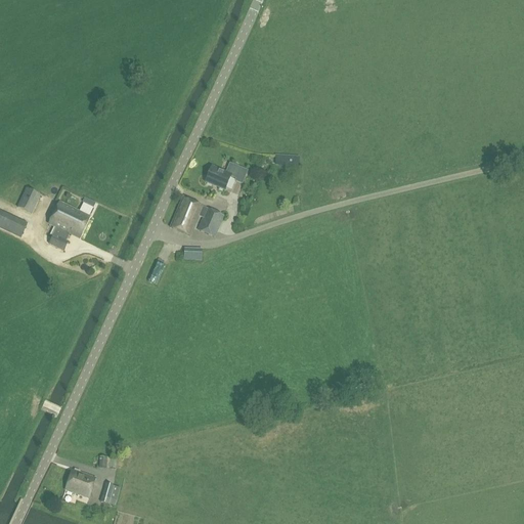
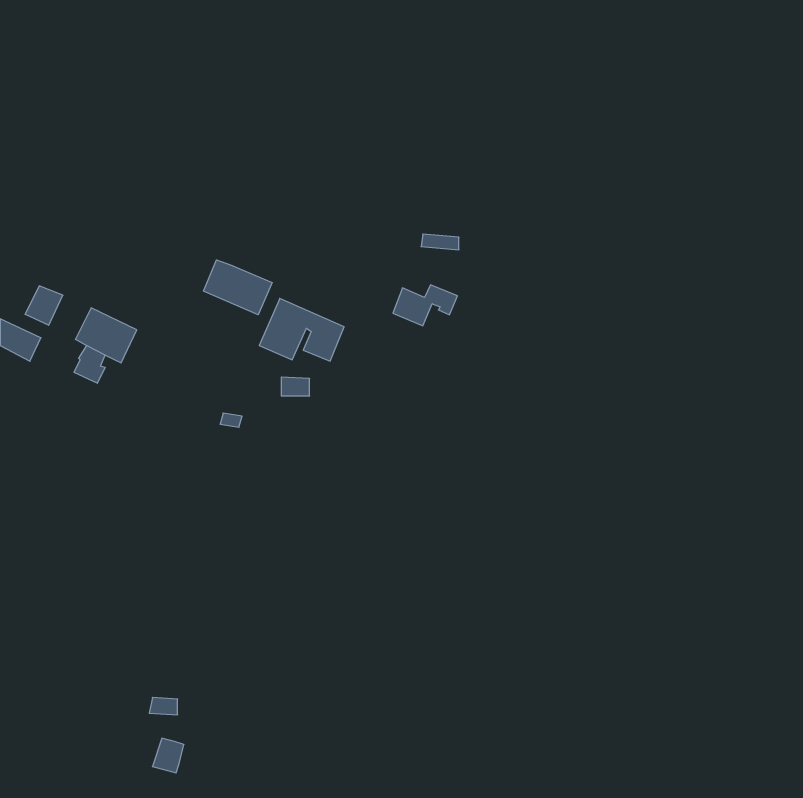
building: [205,162,247,188] -> [393,285,457,326]
building: none -> [203,260,272,315]
building: [64,467,95,495] -> none

